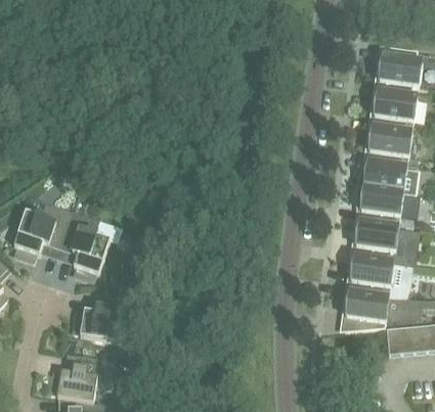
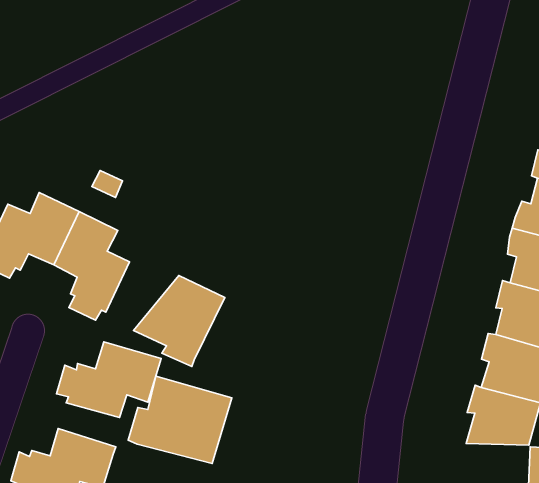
building: none -> [133,276,225,367]
building: none -> [128,376,232,463]

